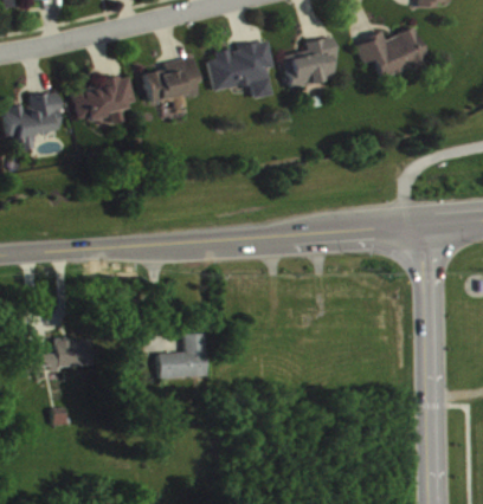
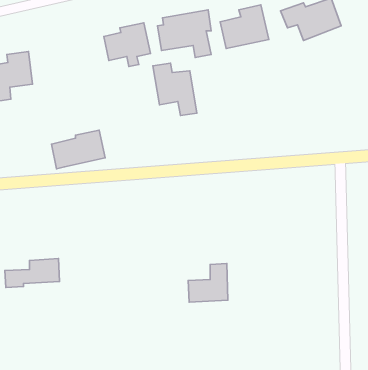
building: [70,73,134,119] -> [52,130,105,169]
building: none -> [153,63,197,116]
building: [157,332,205,379] -> [188,264,228,302]

